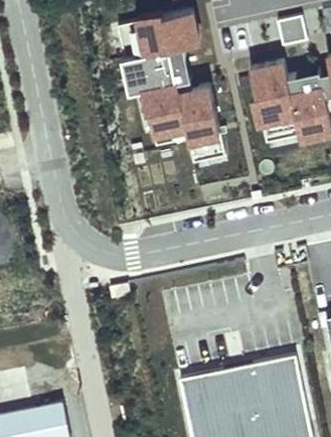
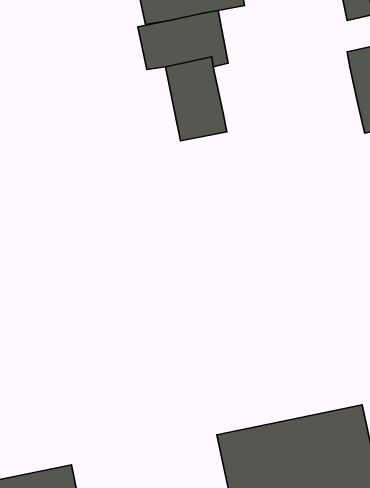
building: [244,53,297,140] -> none
building: [176,77,222,161] -> none

